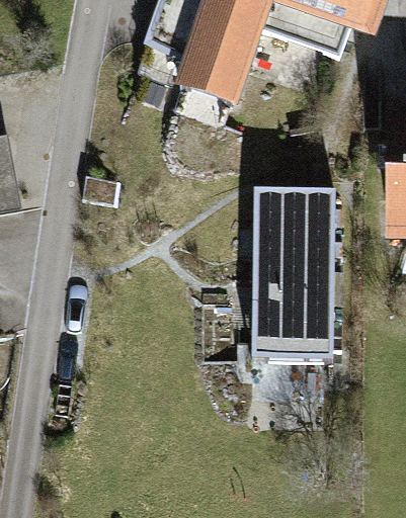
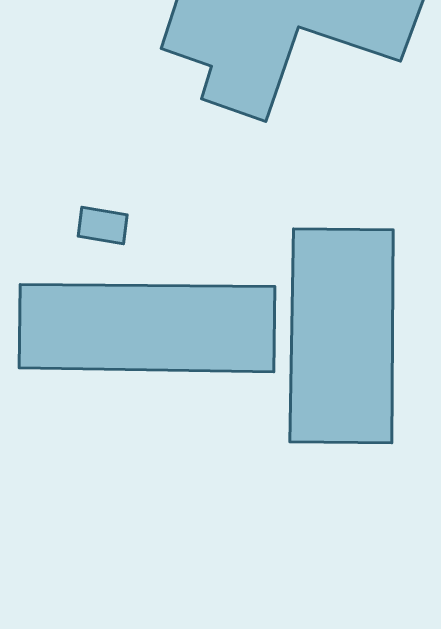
building: none -> [19,284,275,372]

